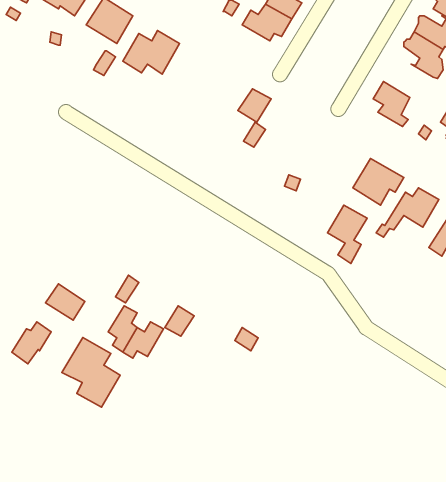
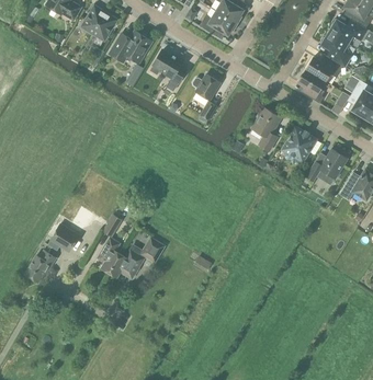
building: none -> [151,49,188,91]
building: none -> [306,54,343,81]
building: [328,205,367,263] -> [252,107,282,151]
building: [62,337,120,407] -> none

